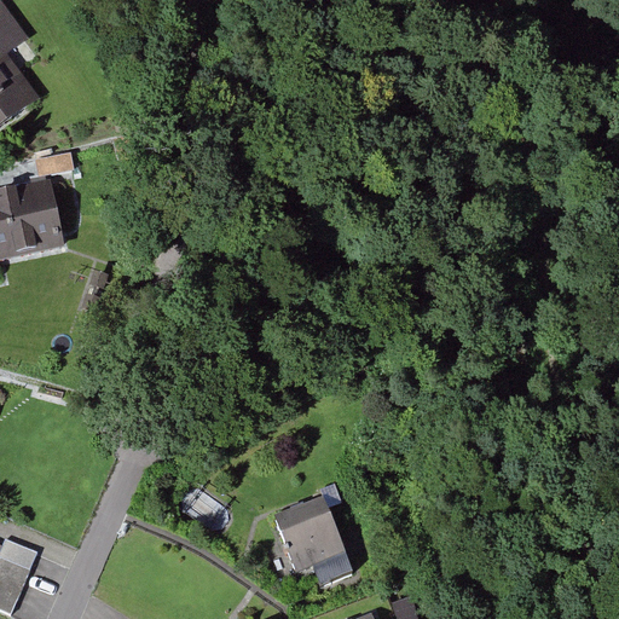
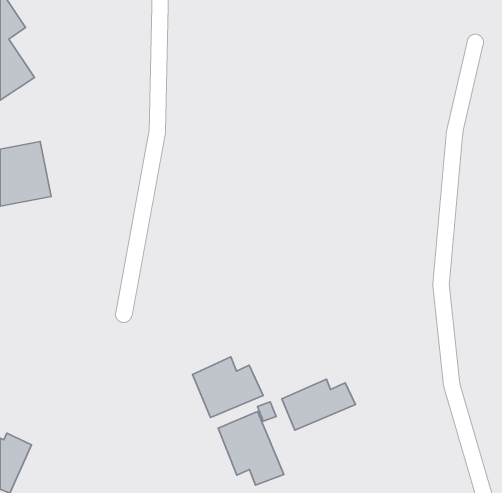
building: none -> [192,357,263,418]
building: none -> [282,379,355,430]

